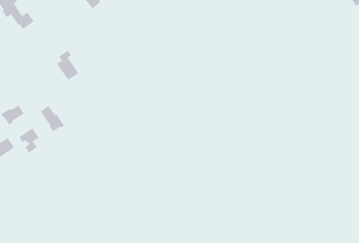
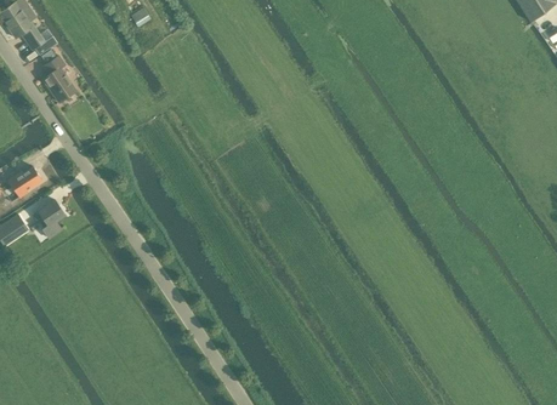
building: [56,50,79,80] -> [42,57,76,102]
building: [40,105,65,132] -> none

